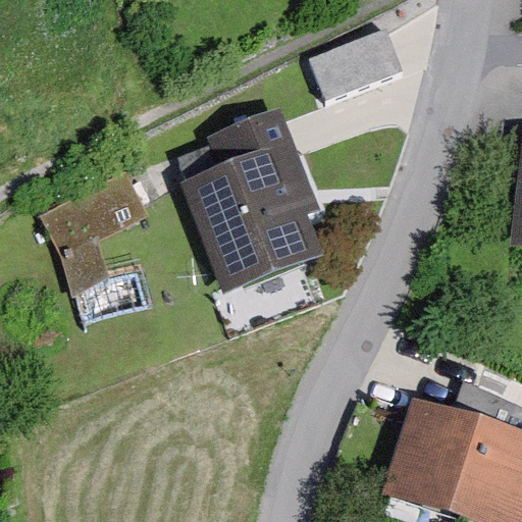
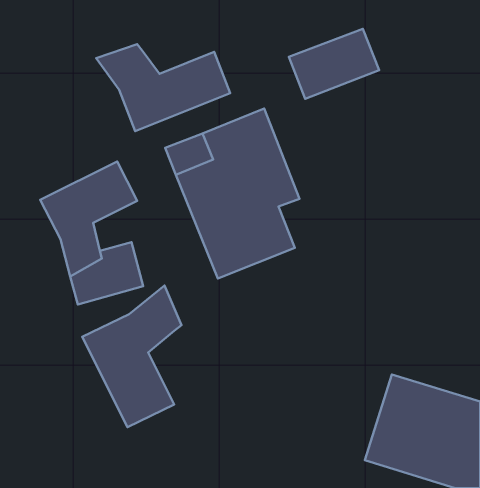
building: none -> [96,44,230,131]
building: none -> [82,286,181,427]

